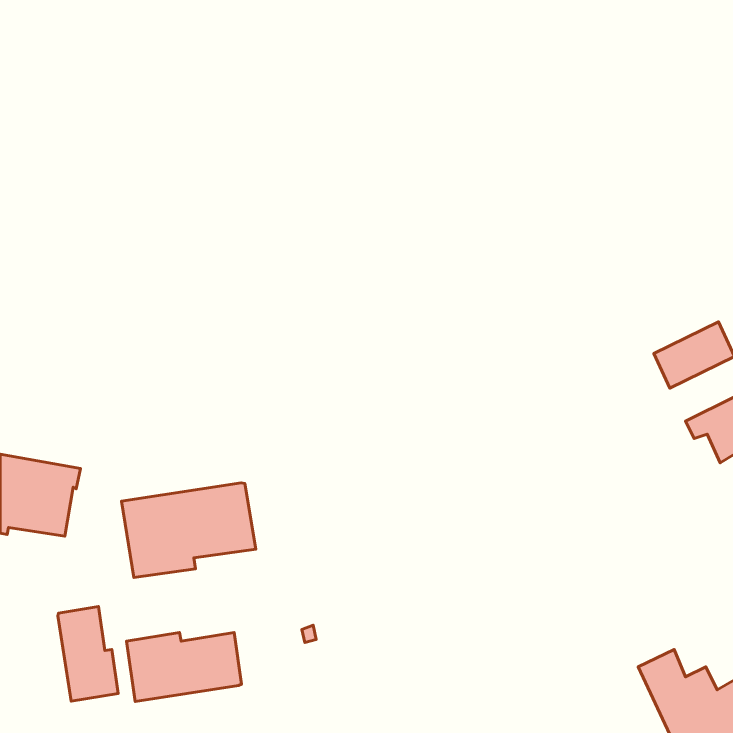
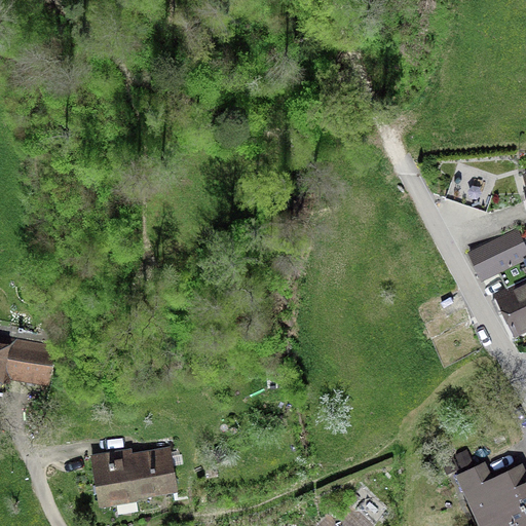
building: [121,483,256,578] -> none
building: [58,607,118,701] -> none

